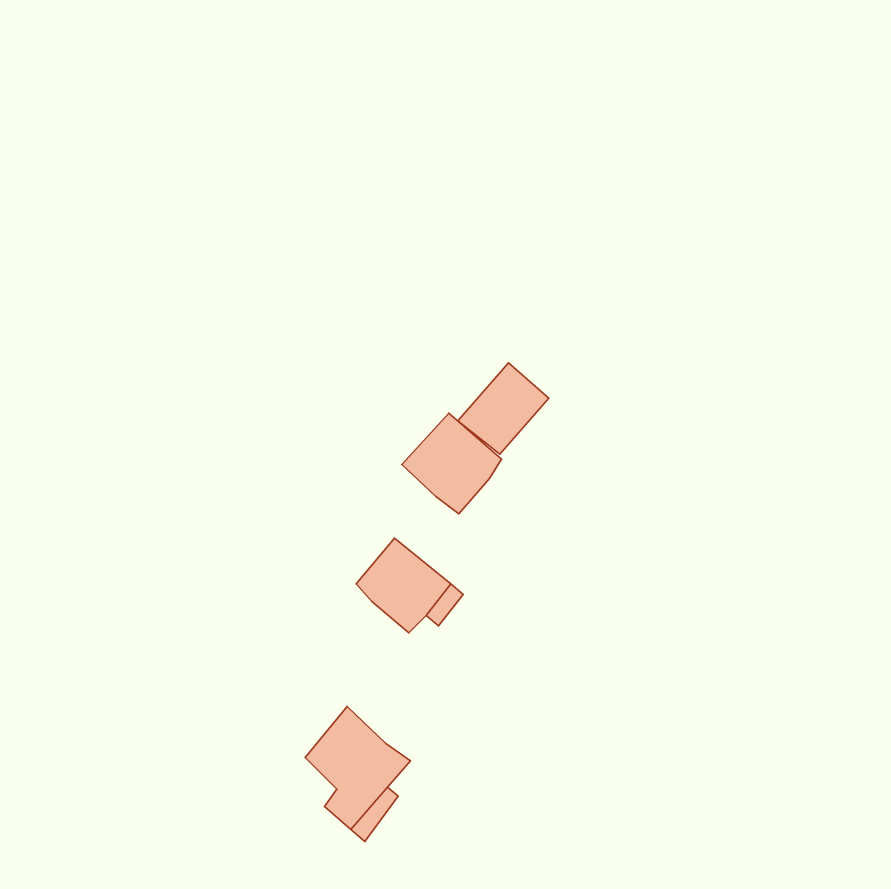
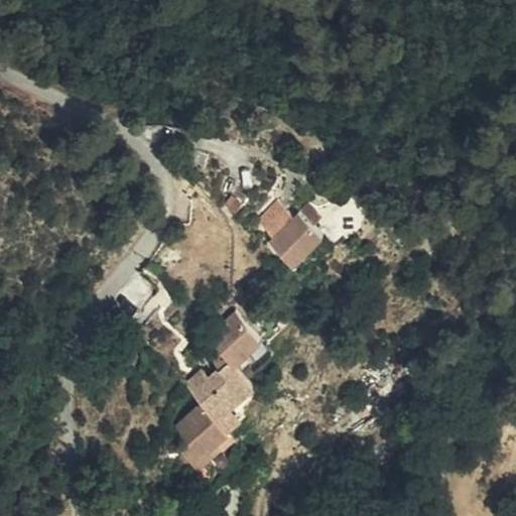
building: [402,413,502,514] -> none
building: none -> [189,346,257,427]

